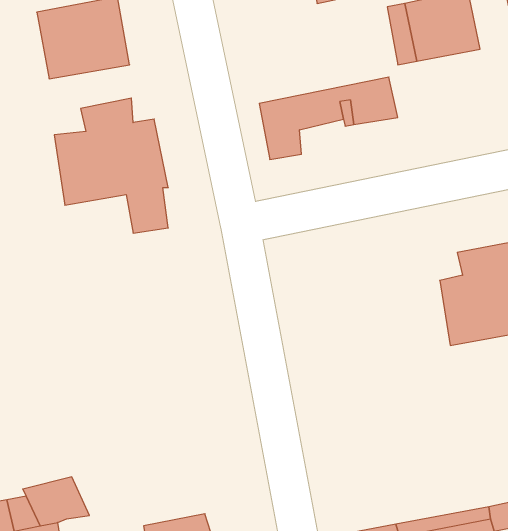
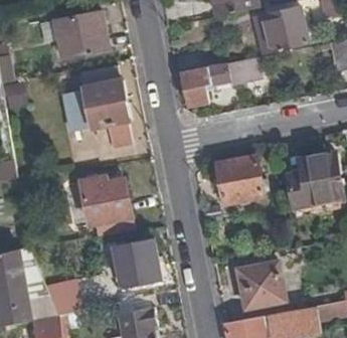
building: none -> [217,155,263,200]
building: none -> [81,176,132,225]
building: none -> [114,239,161,286]
building: none -> [237,257,284,307]

